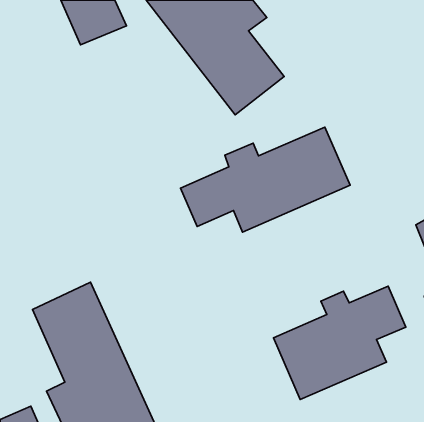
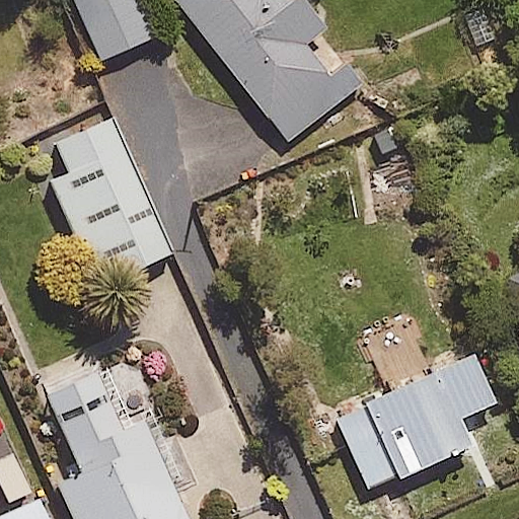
building: none -> [51,116,172,284]
building: [180,127,350,232] -> none

